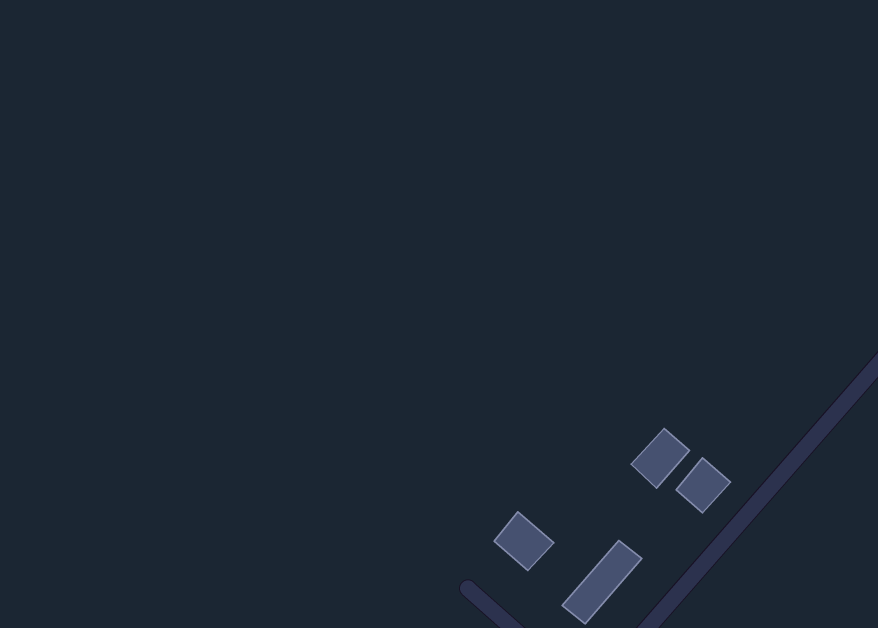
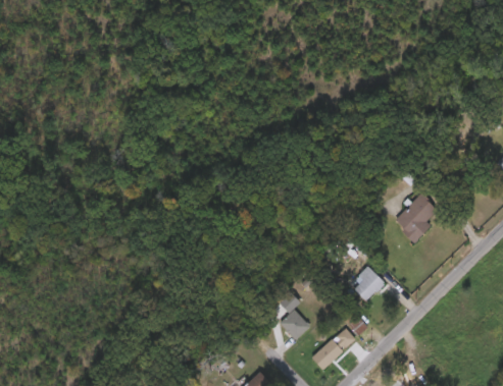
building: none -> [394,195,437,241]
building: [676,458,730,513] -> none

